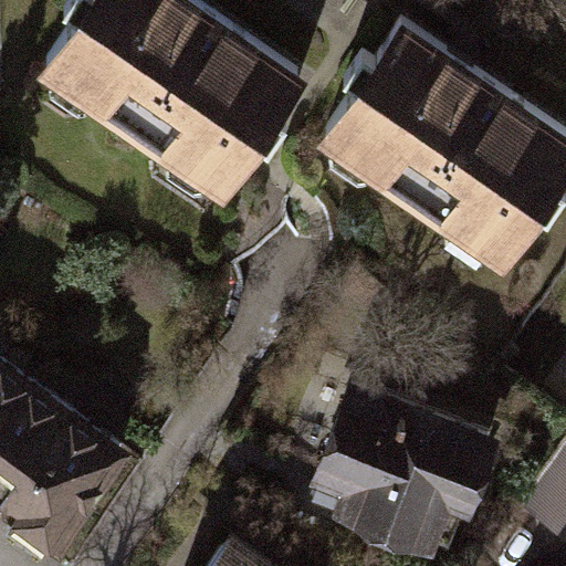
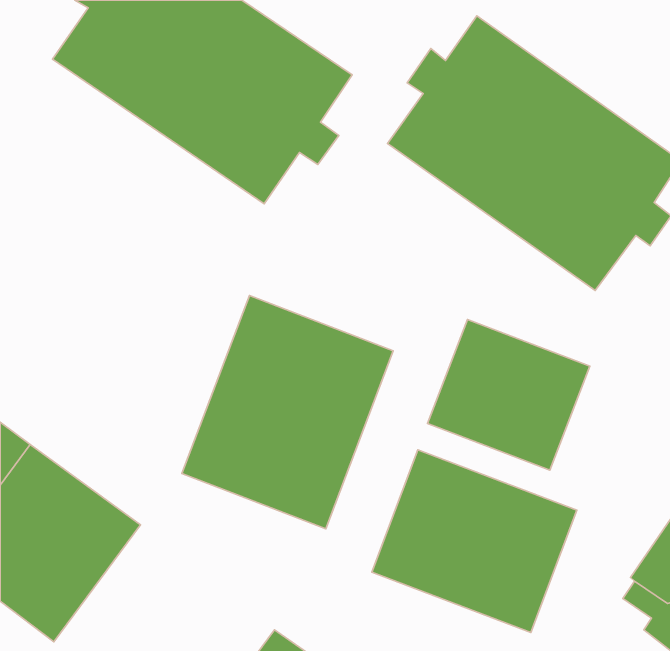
building: none -> [182,296,393,529]
building: none -> [428,320,590,470]

